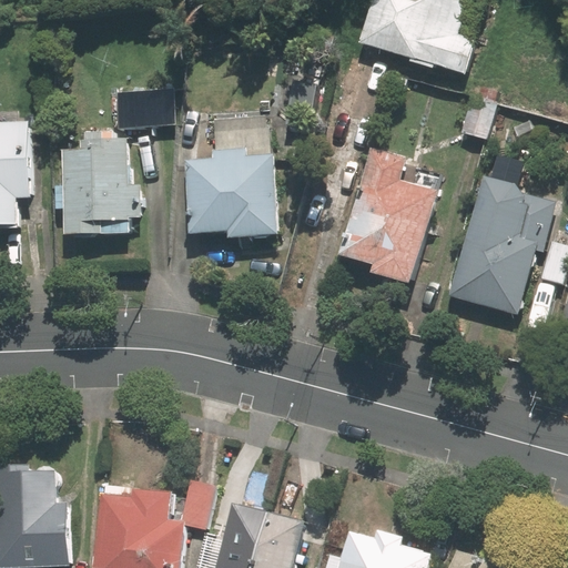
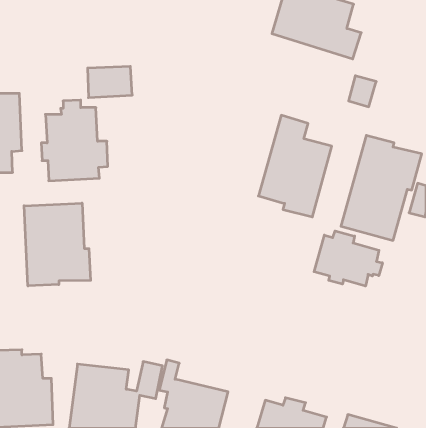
building: [185,116,280,241] -> none
building: none -> [24,203,91,286]
building: none -> [314,231,382,286]

